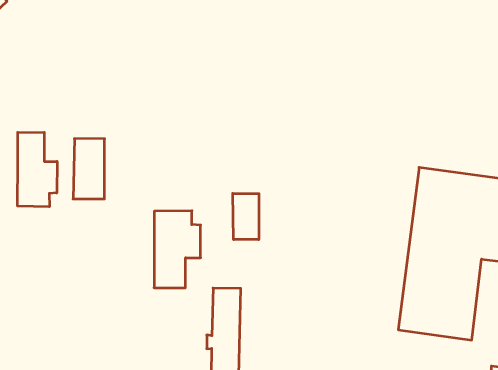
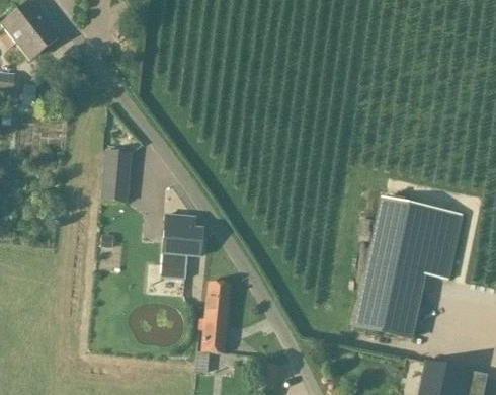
building: [18,132,57,207] -> none
building: [233,193,259,240] -> none

